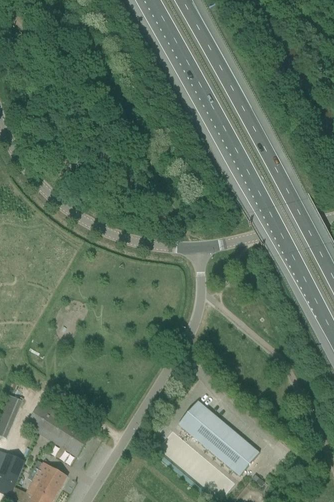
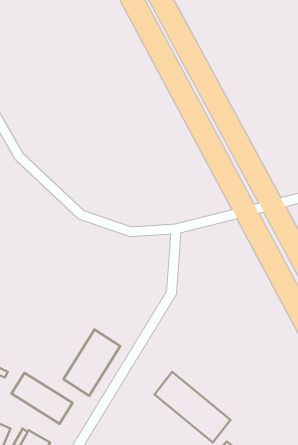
building: none -> [64,330,120,396]

